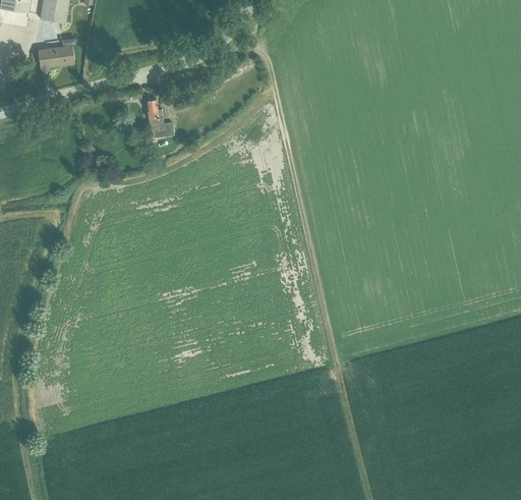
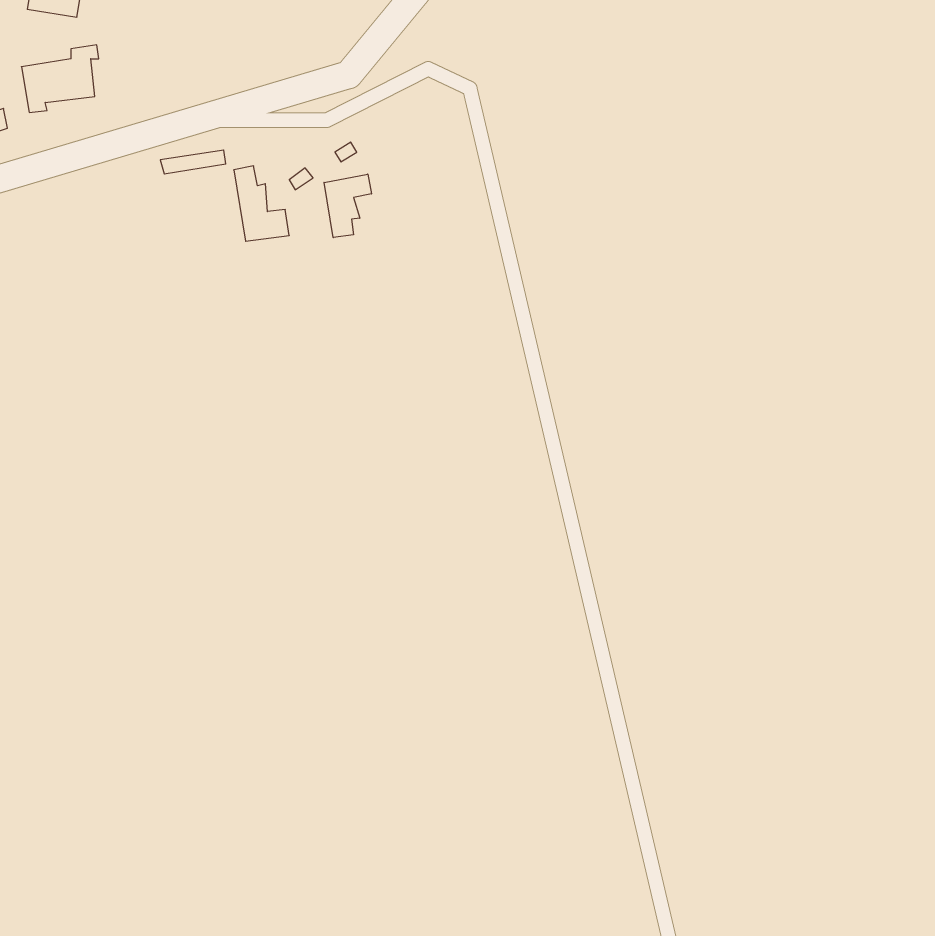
building: none -> [324,174,371,238]

